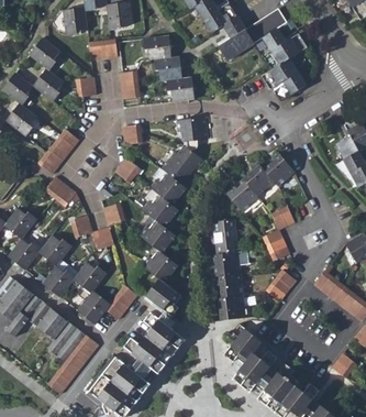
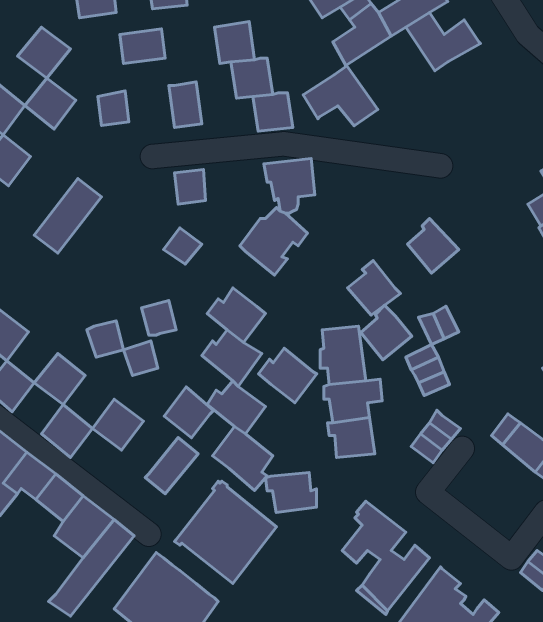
building: [262,58,307,95] -> [303,66,378,126]
building: [243,162,274,195] -> [361,305,412,360]
building: [151,173,186,206] -> [259,348,317,403]
building: [45,176,76,206] -> none
building: [78,293,108,323] -> [164,387,213,438]
building: [218,295,248,319] -> [265,473,316,513]

